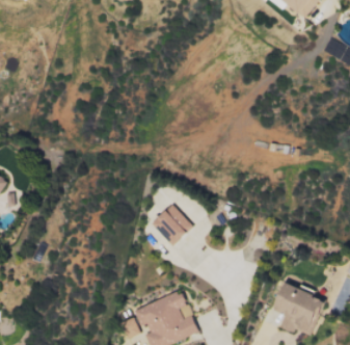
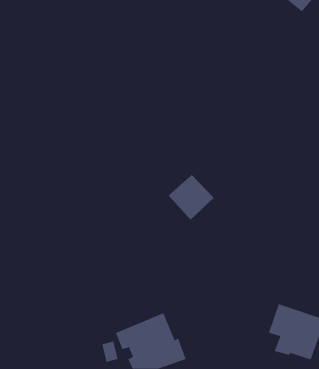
building: [150,205,192,247] -> [168,174,214,221]

